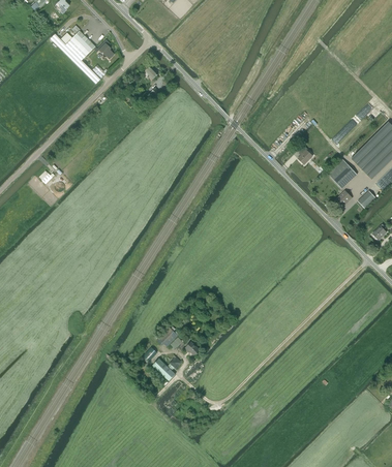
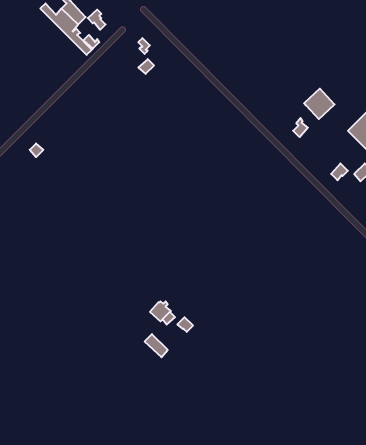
building: [327,158,357,188] -> [304,89,335,119]

